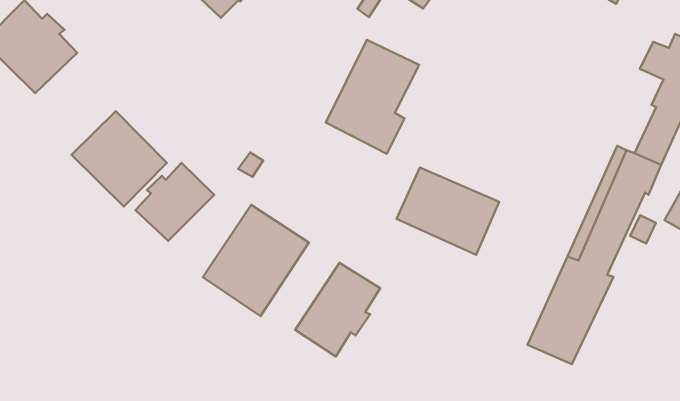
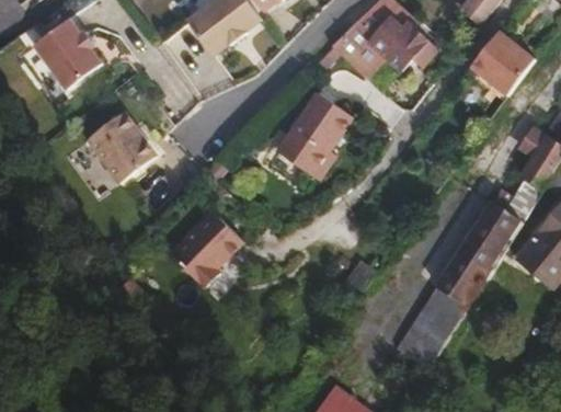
building: [135,163,214,241] -> none
building: [396,167,499,255] -> none
building: [295,263,380,357] -> none

